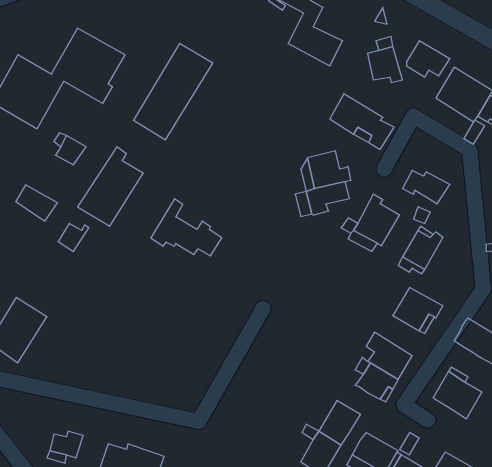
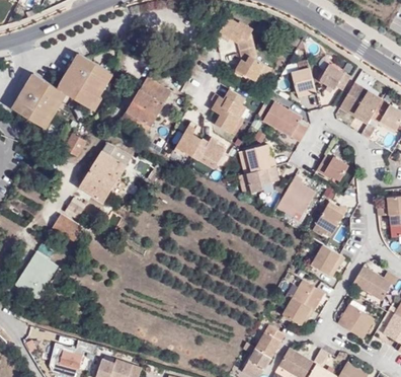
building: none -> [212,90,246,134]
building: [16,185,58,221] -> [53,214,83,240]
building: [151,199,222,256] -> [174,122,226,163]

